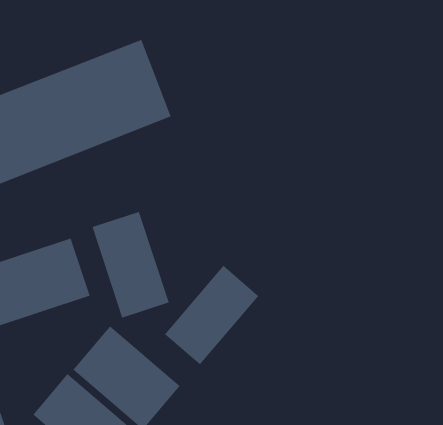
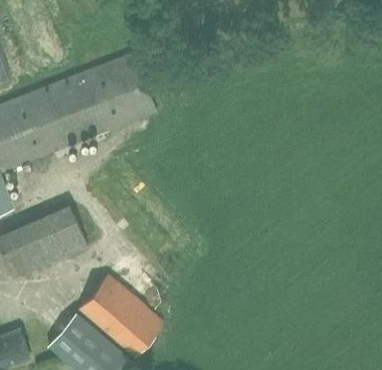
building: [92,211,169,318] -> none
building: [164,265,259,365] -> none

